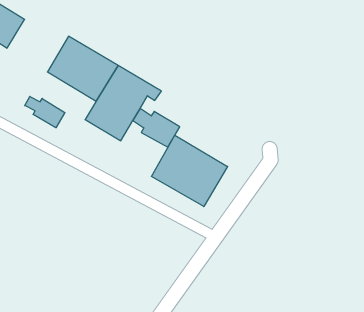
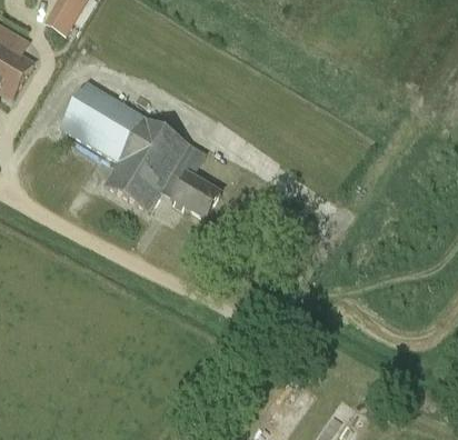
building: [25,96,65,128] -> none
building: [151,135,228,207] -> none

